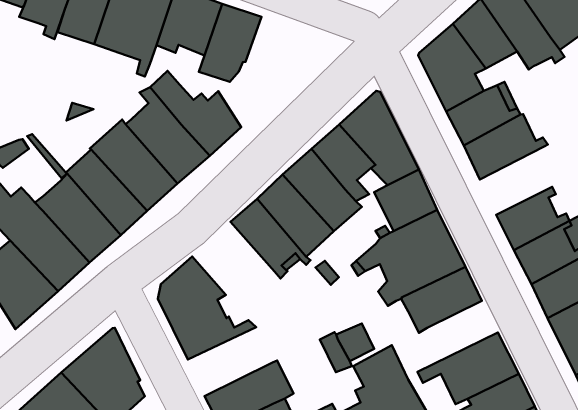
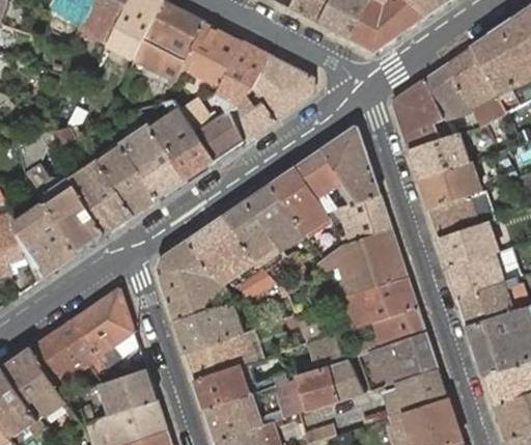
building: none -> [236,55,312,138]
building: none -> [427,189,493,239]
building: none -> [189,216,274,297]
building: none -> [351,306,425,356]
building: none -> [174,303,242,353]

